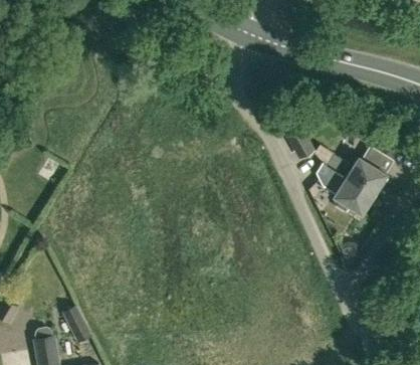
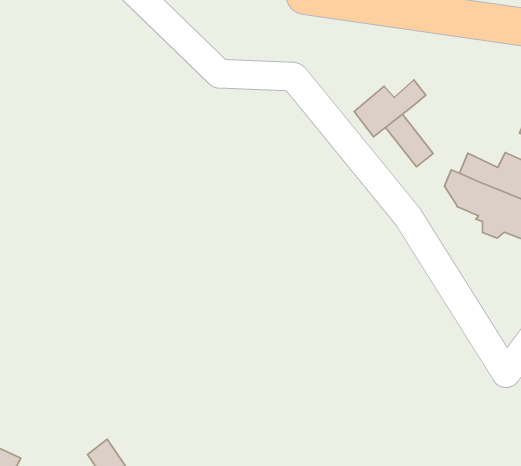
building: none -> [354,80,426,137]

